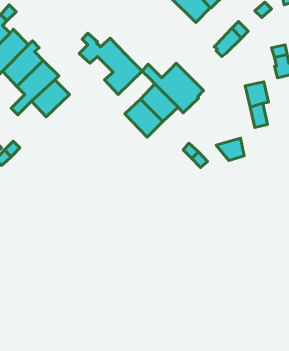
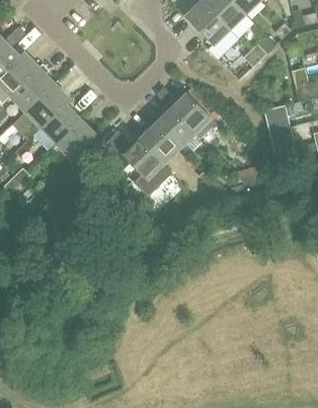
building: [79,33,142,94] -> [105,134,171,197]
building: none -> [56,118,95,158]

